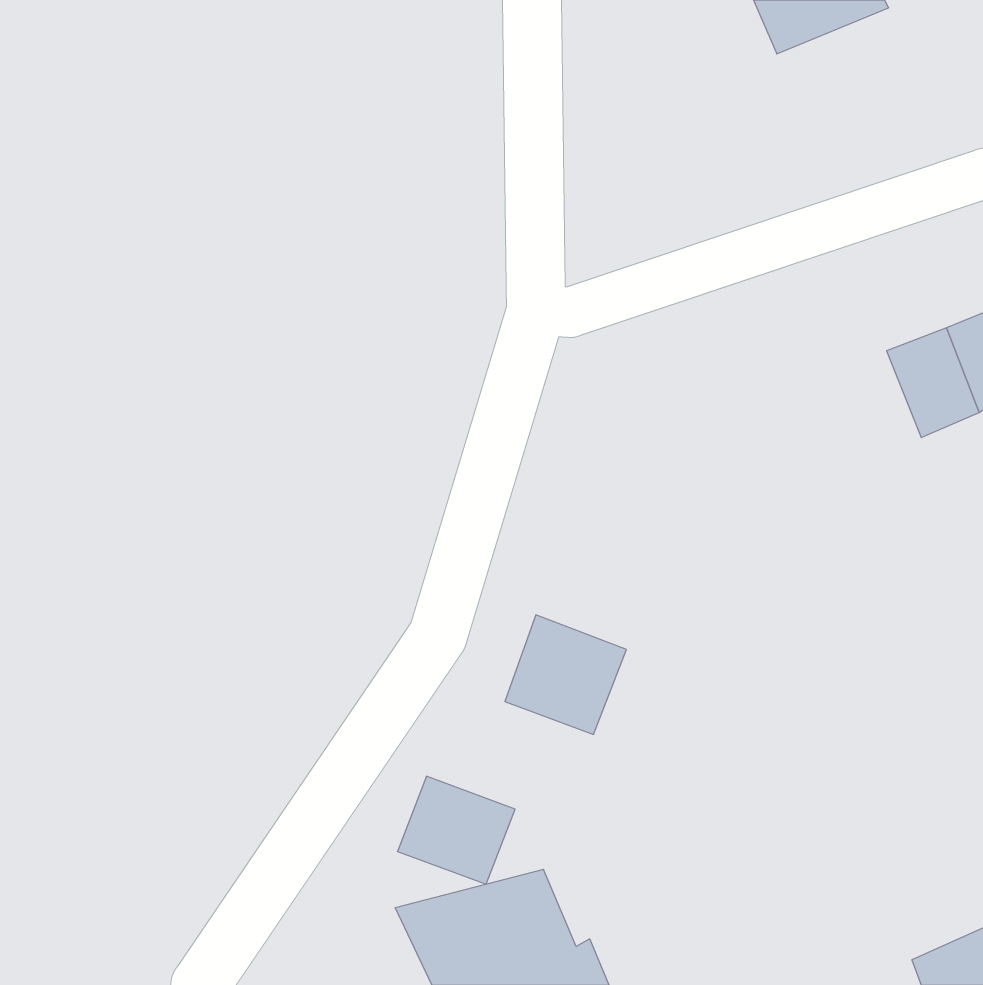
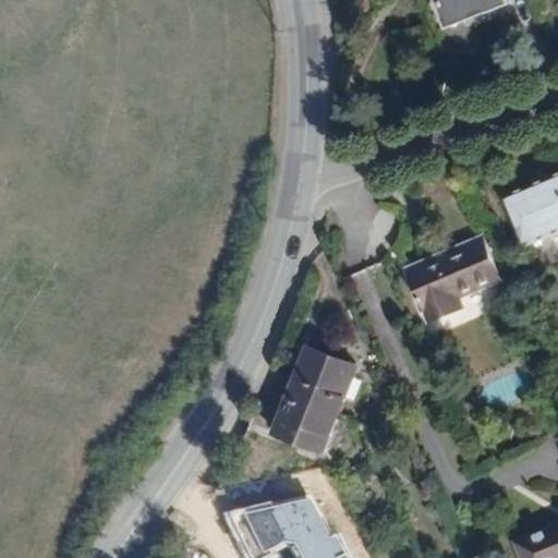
building: none -> [407,236,499,320]
building: [397,776,515,884] -> [270,397,337,458]

